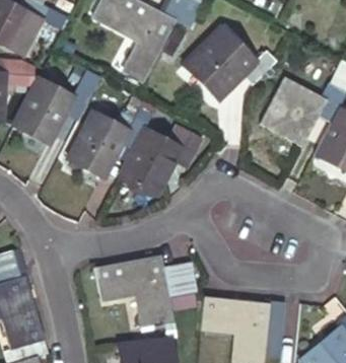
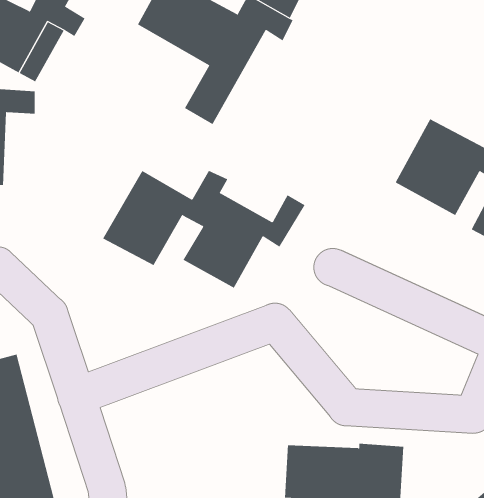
building: [184,29,281,100] -> none
building: [17,81,97,145] -> none
building: [98,259,193,329] -> none

